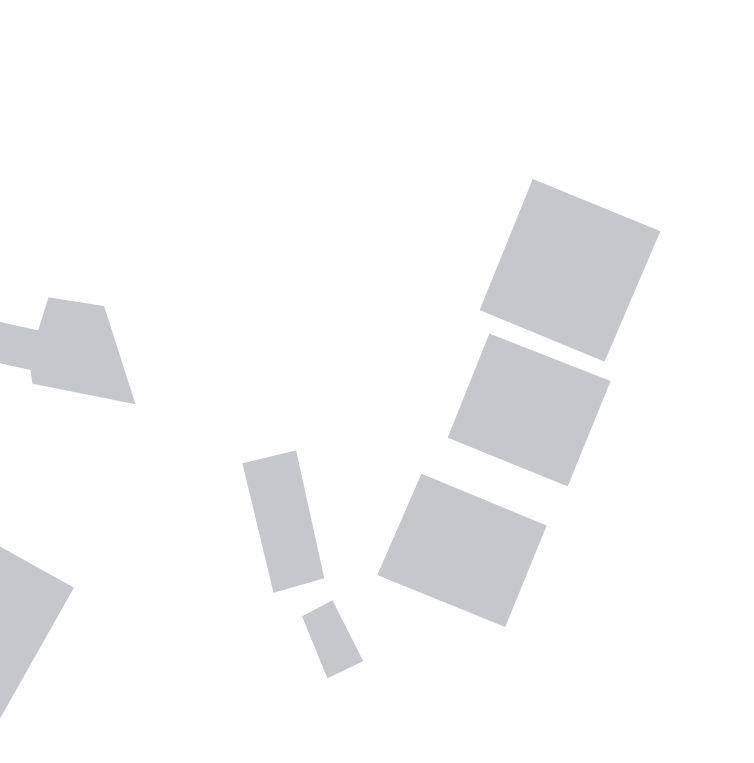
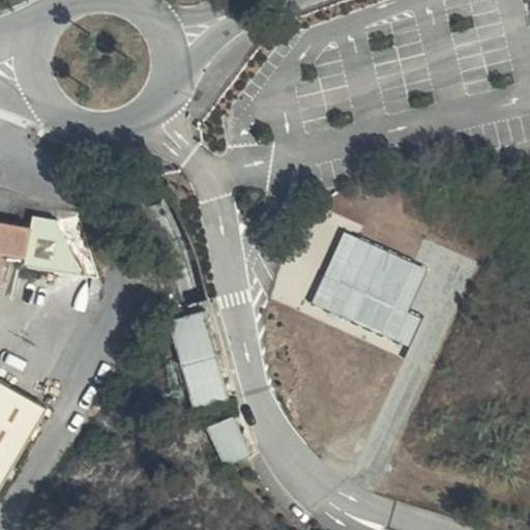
building: [479,178,661,363] -> none
building: [377,473,547,628] -> none

